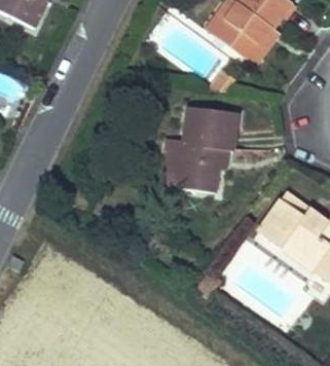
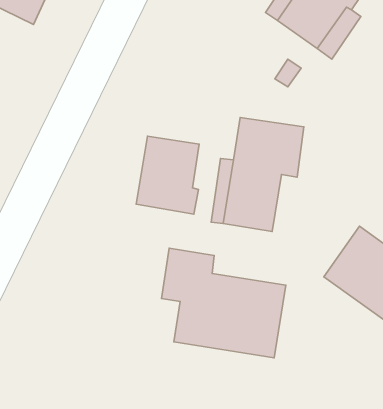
building: none -> [136,136,199,214]
building: none -> [162,248,286,358]

